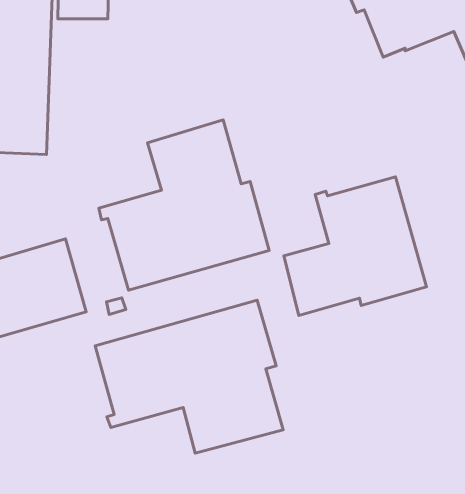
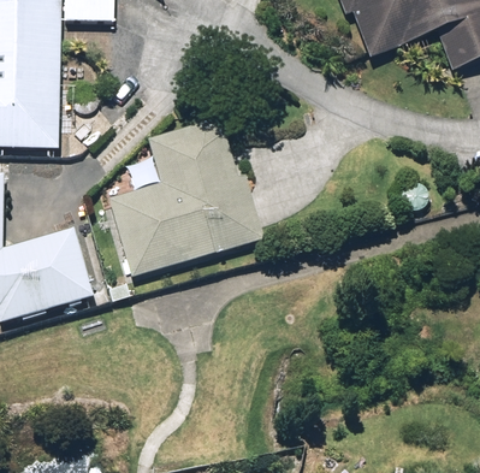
building: [284,177,427,315] -> none
building: [95,300,283,453] -> none

